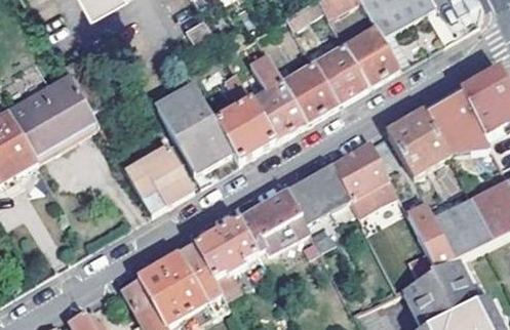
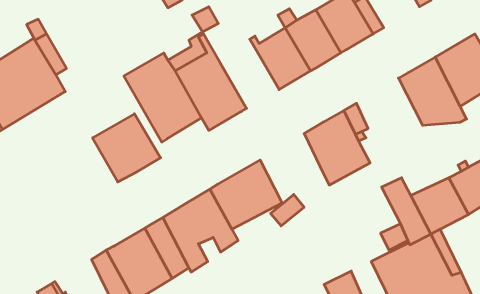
building: [247,50,307,140] -> none
building: [387,111,447,178] -> none
building: [291,165,347,213] -> none

